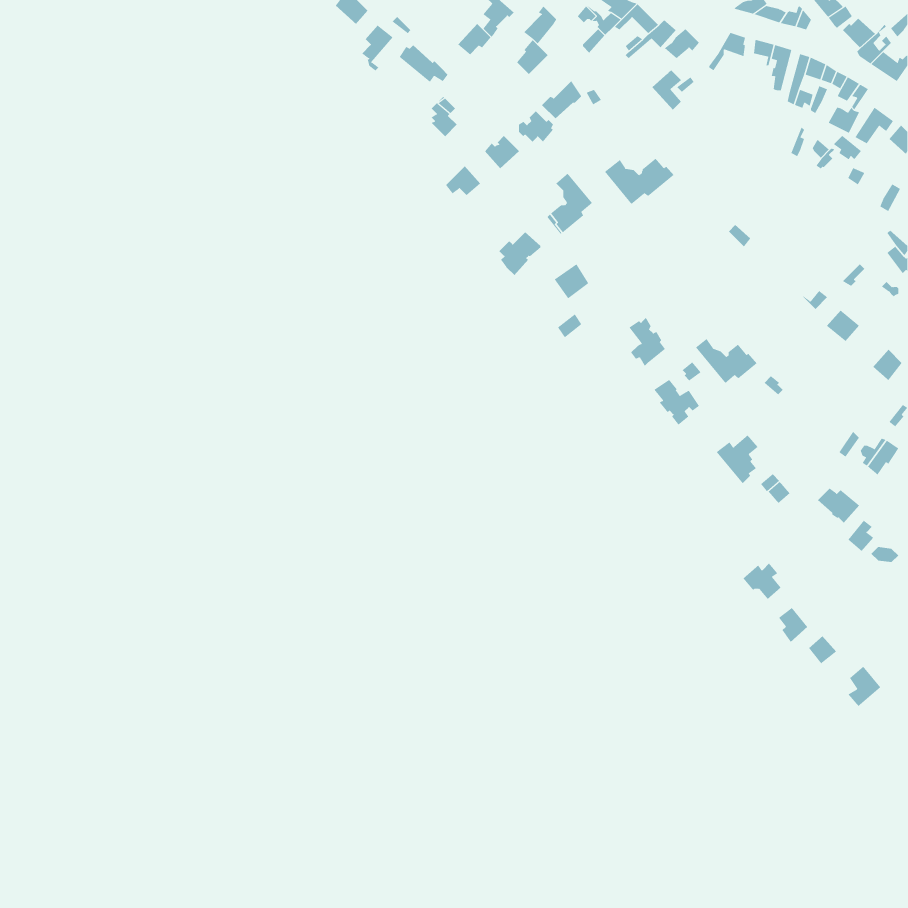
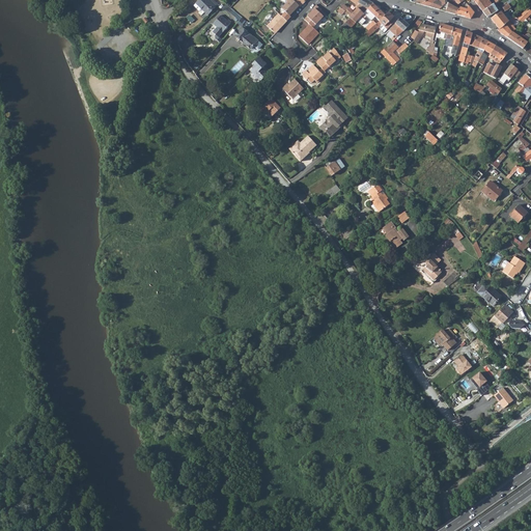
building: [604,158,674,205] -> none
building: [695,338,757,384] -> none

